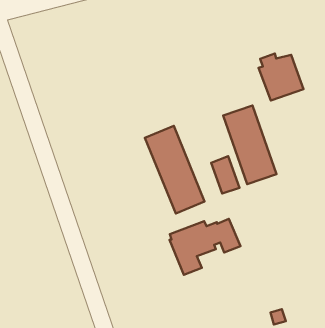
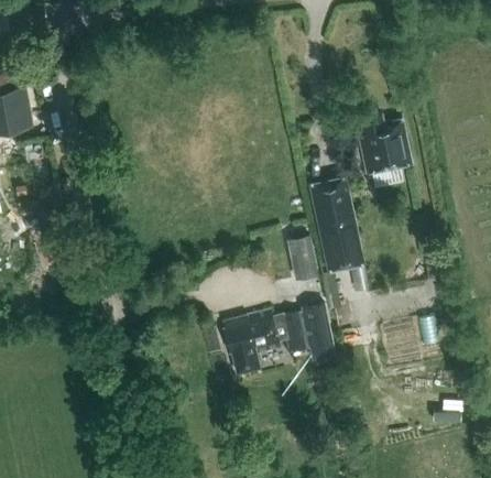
building: [145,126,205,213] -> none
building: none -> [301,304,336,361]

